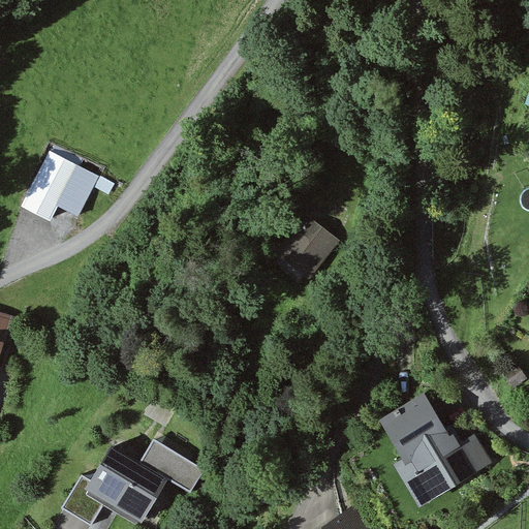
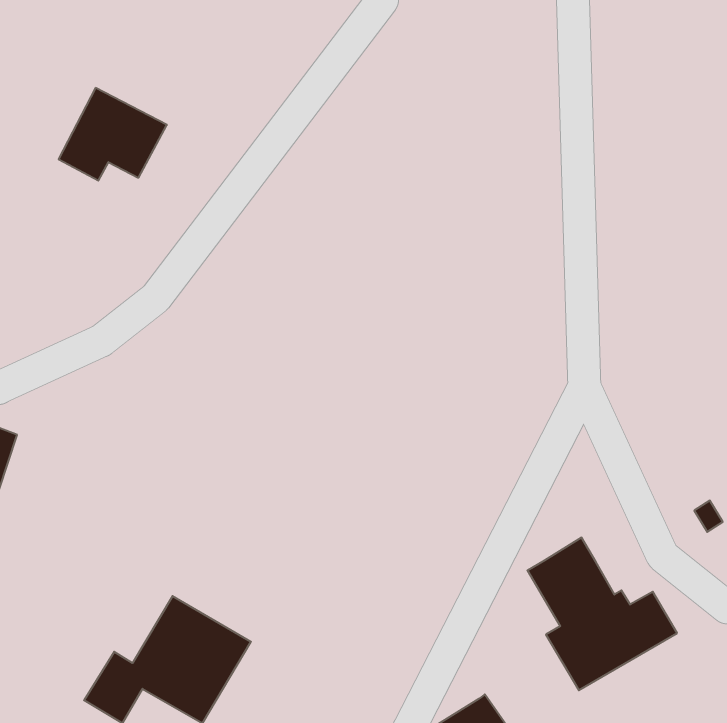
building: [22,152,100,219] -> [59,88,167,181]
building: [272,221,333,285] -> none

